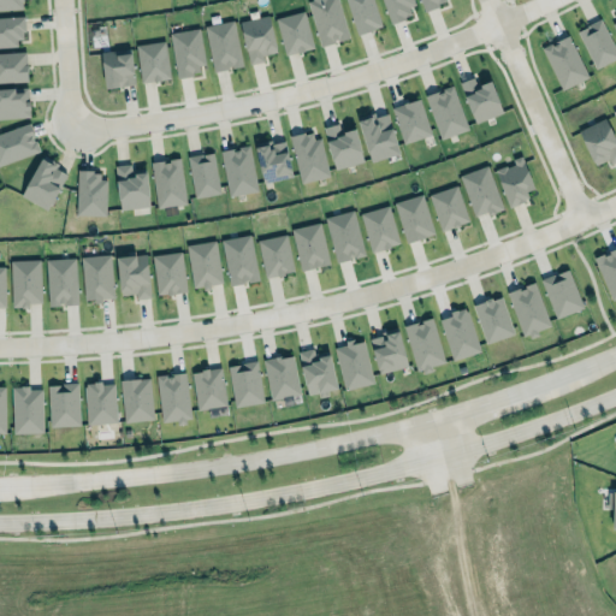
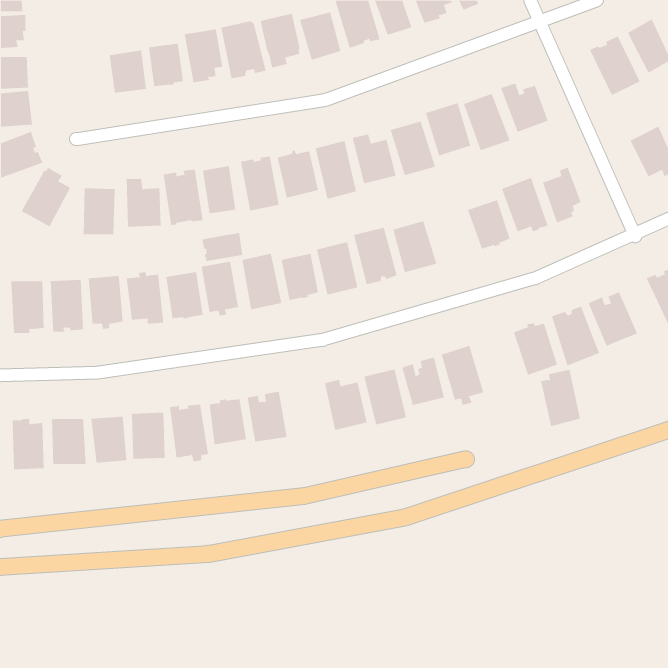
building: [396,195,437,243] -> none
building: none -> [202,232,243,262]
building: [443,309,480,362] -> [540,369,581,427]
building: [266,357,300,401] -> none

